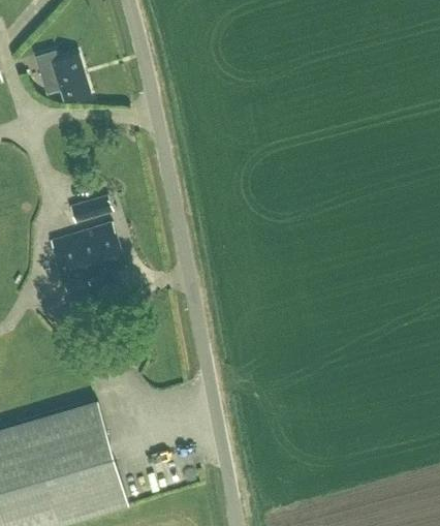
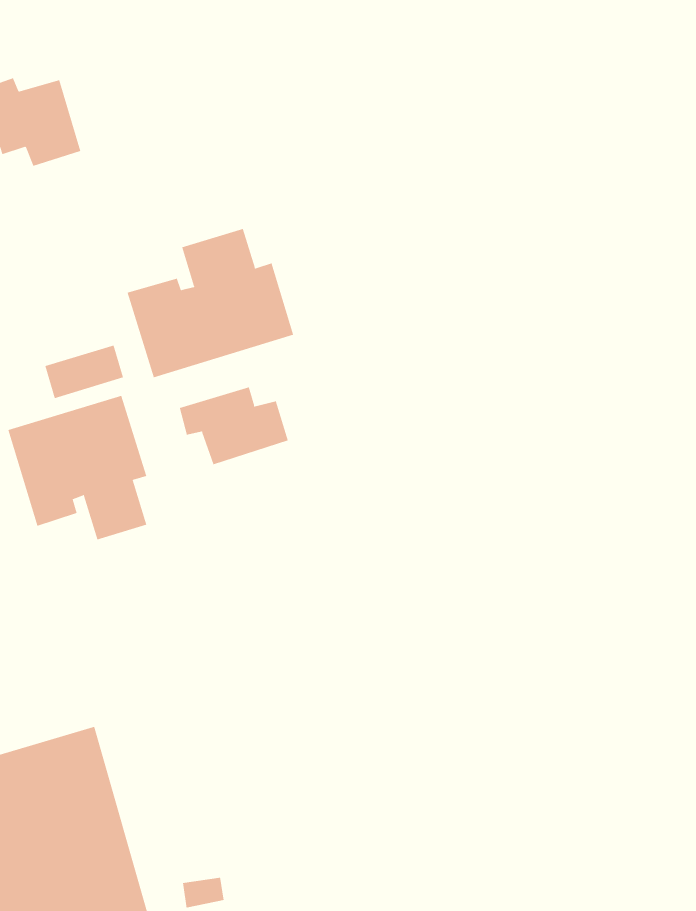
building: none -> [127,228,294,378]
building: none -> [179,386,288,465]

